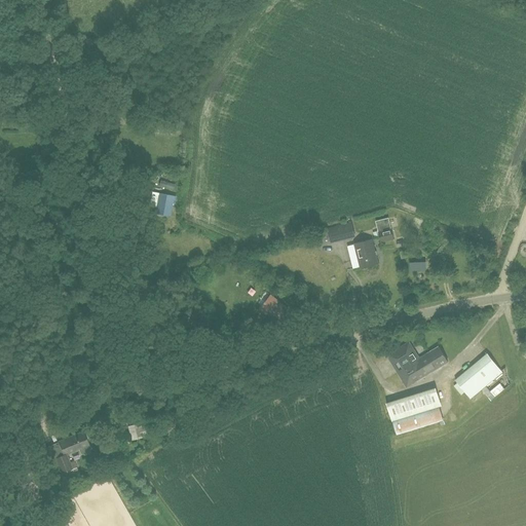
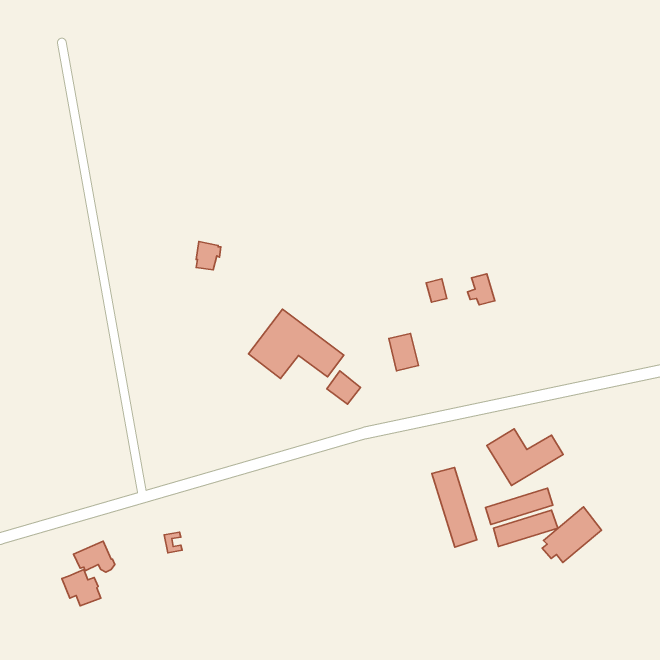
building: [353,238,377,268] -> [389,333,418,371]
building: none -> [248,309,344,379]
building: [454,353,501,398] -> [542,507,602,562]
building: none -> [432,468,477,547]

